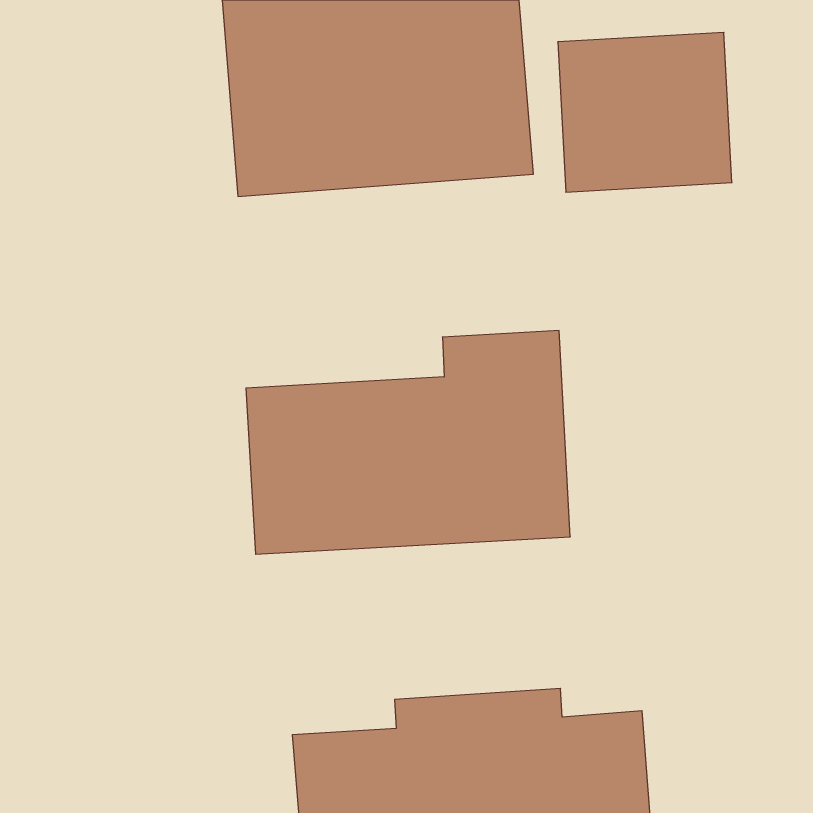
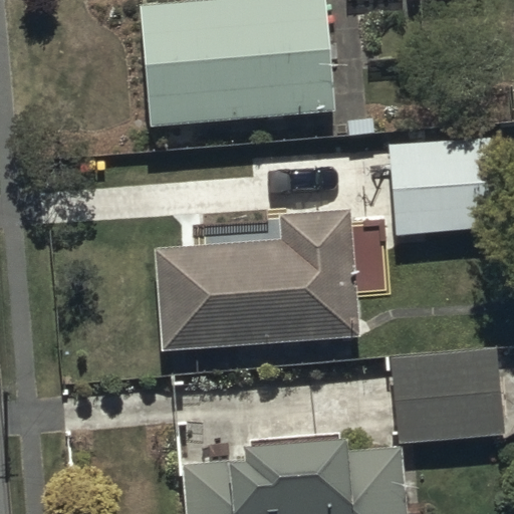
building: [558,32,732,192] -> [389,137,498,237]
building: none -> [391,346,500,441]

